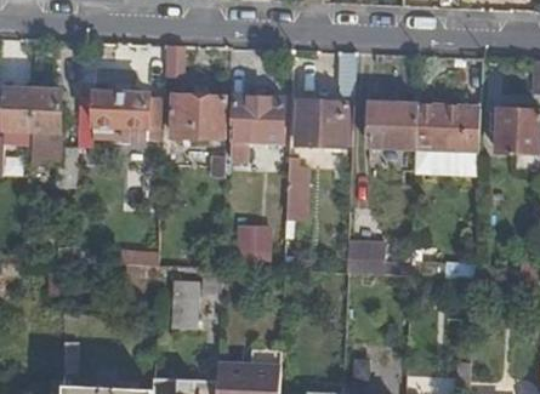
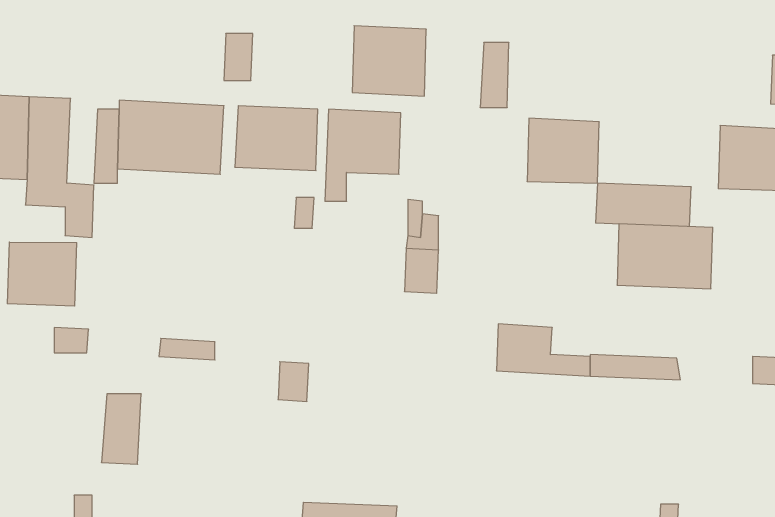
building: [296,99,346,147] -> [352,26,426,96]
building: [415,105,479,149] -> [617,224,713,289]
building: none -> [7,242,77,306]
building: [237,224,273,263] -> none
building: [170,281,197,329] -> [101,394,141,464]

